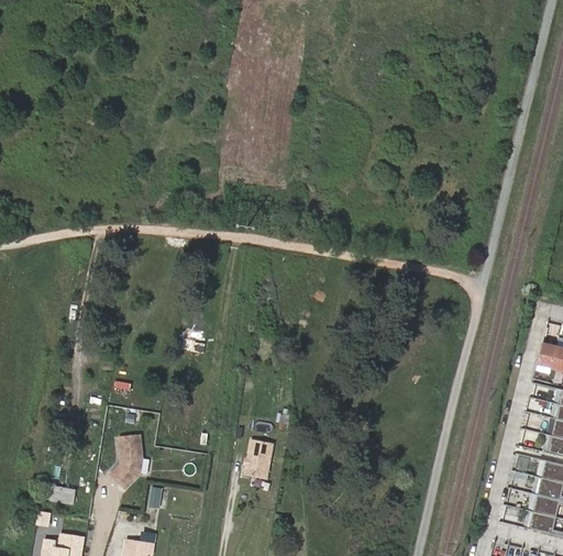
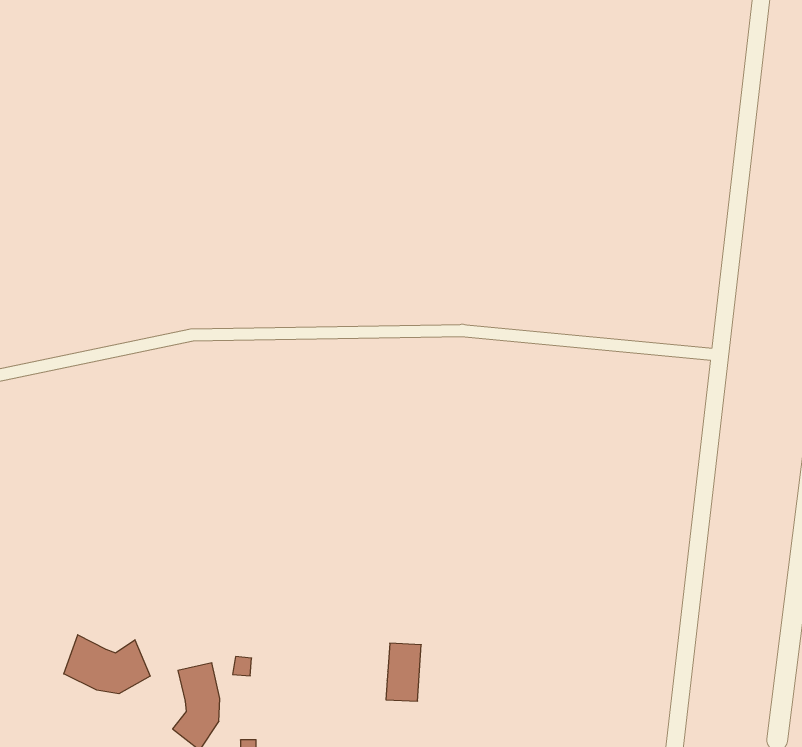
building: none -> [64,635,150,694]

